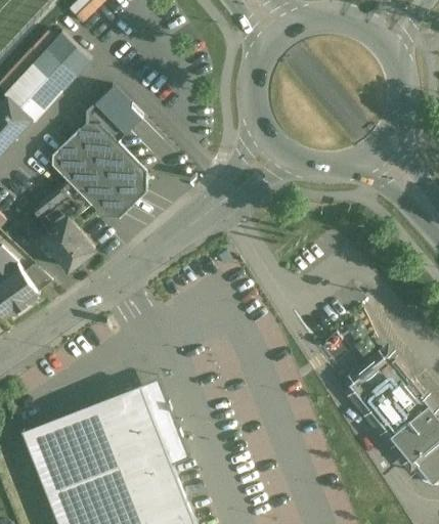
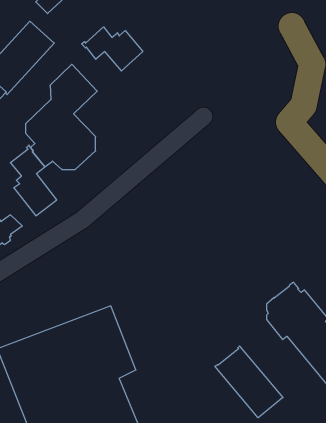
building: none -> [82,27,143,71]
building: none -> [215,346,283,418]

